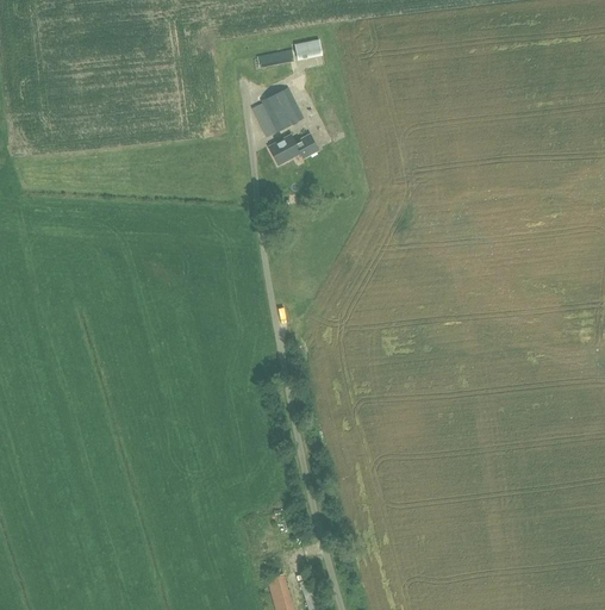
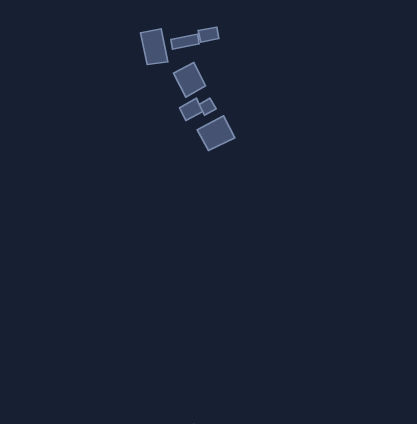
building: none -> [140,29,168,64]
building: none -> [197,116,235,151]

